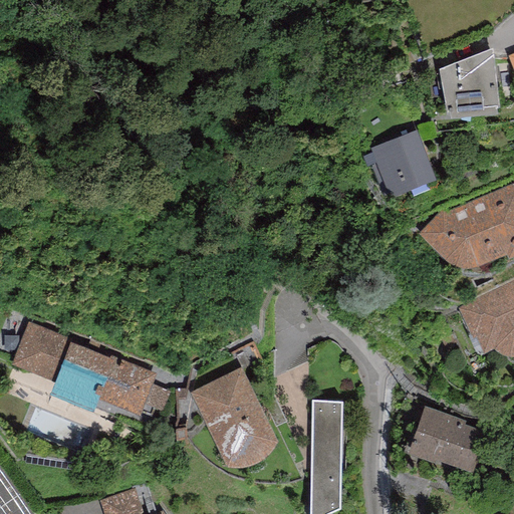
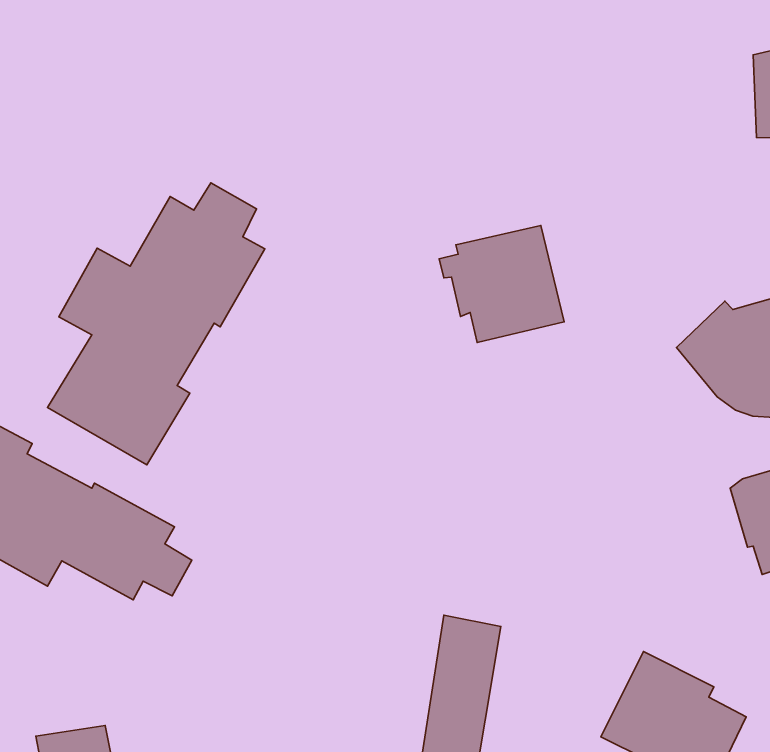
building: [363,130,437,199] -> [439,225,564,343]
building: none -> [47,183,265,465]
building: [193,366,276,468] -> none

